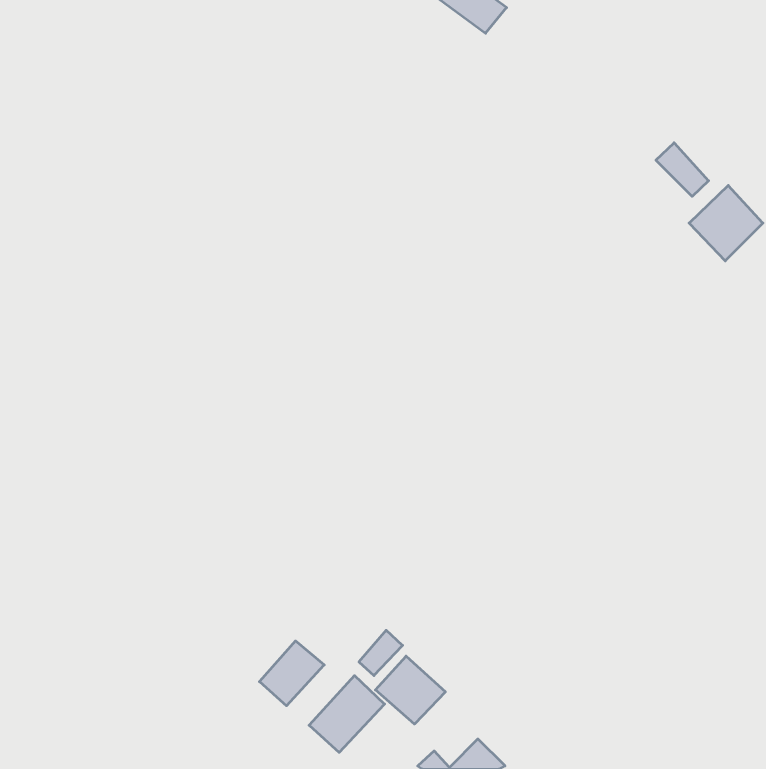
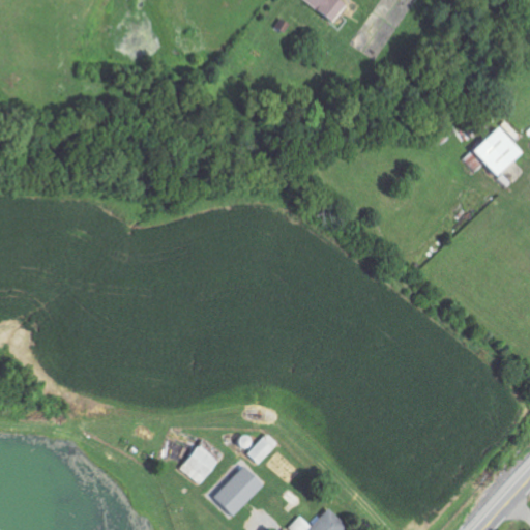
building: [656,143,709,196] -> none
building: [375,656,445,724] -> none

